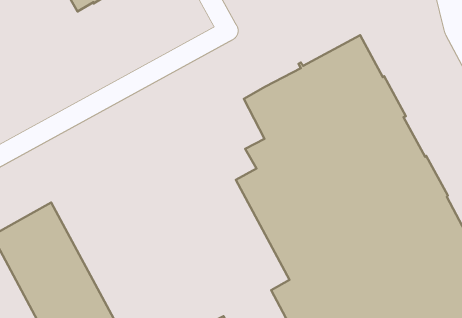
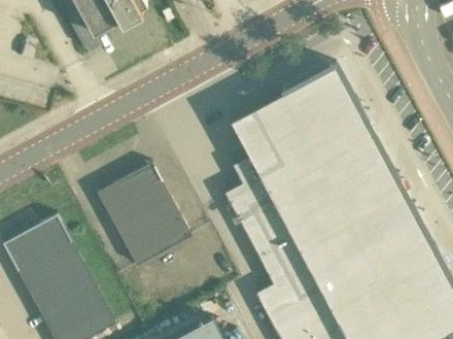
building: none -> [97,163,191,267]

